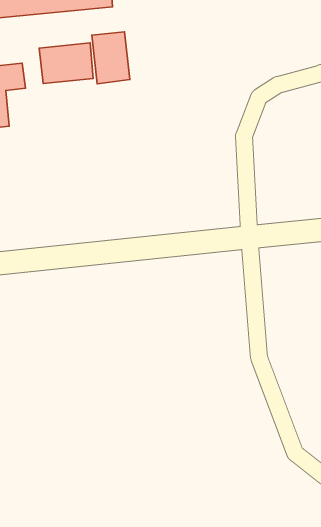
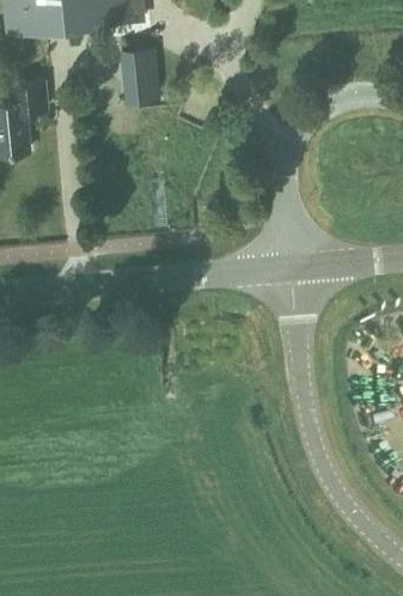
building: [39,43,93,84] -> none

